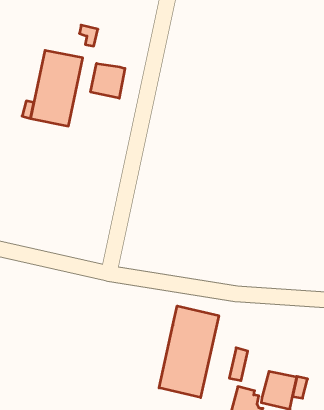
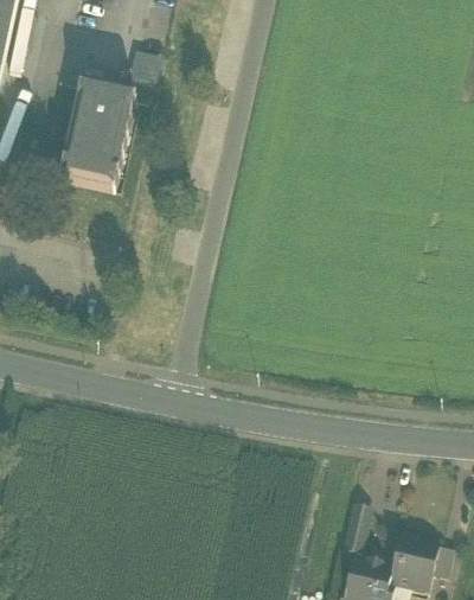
building: [91,63,125,98] -> none
building: [159,306,219,398] -> none

